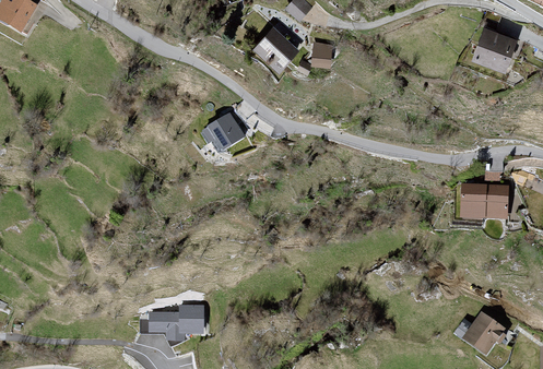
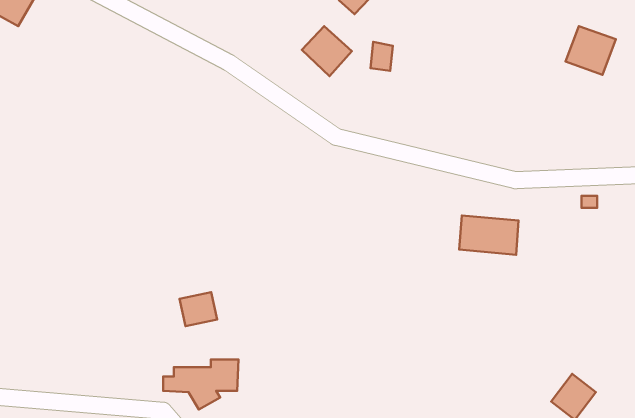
building: [203,118,239,152] -> none
building: [457,188,506,221] -> [459,215,519,255]
building: none -> [179,292,217,326]

